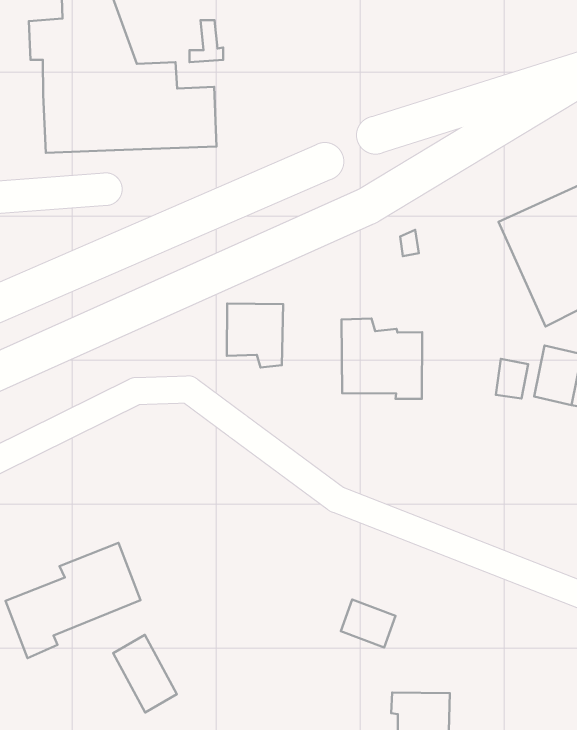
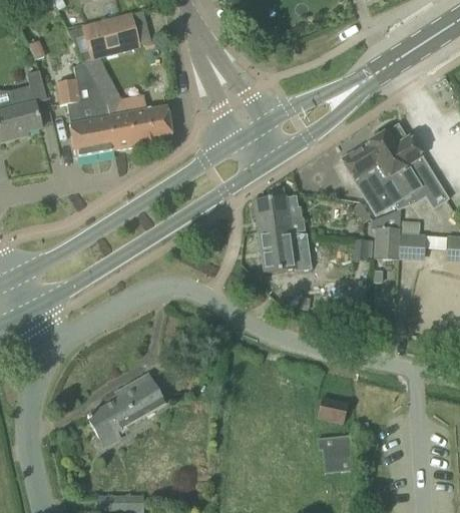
building: [227,303,283,367] -> [255,193,291,231]
building: [341,599,395,648] -> [318,397,348,422]
building: [113,635,177,713] -> none

